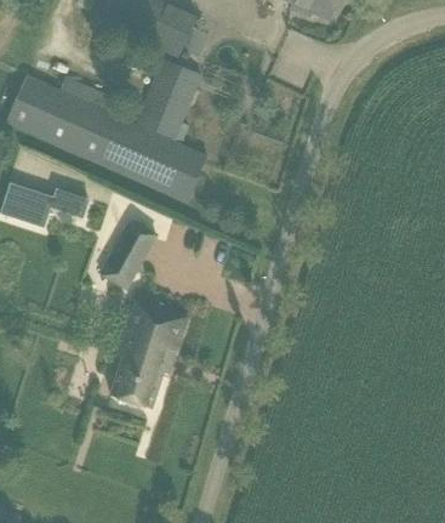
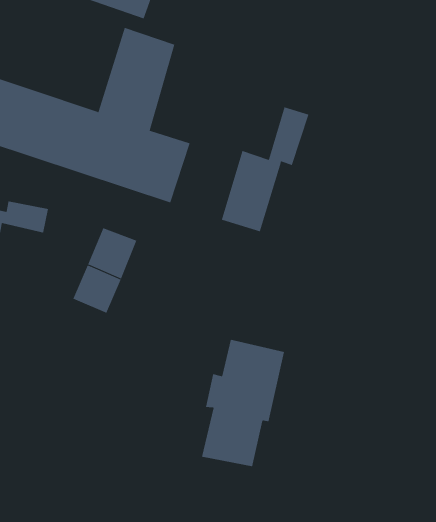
building: none -> [221,107,309,232]
building: [110,302,187,408] -> [201,339,285,467]

